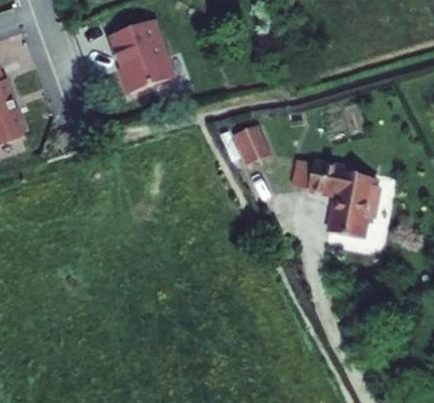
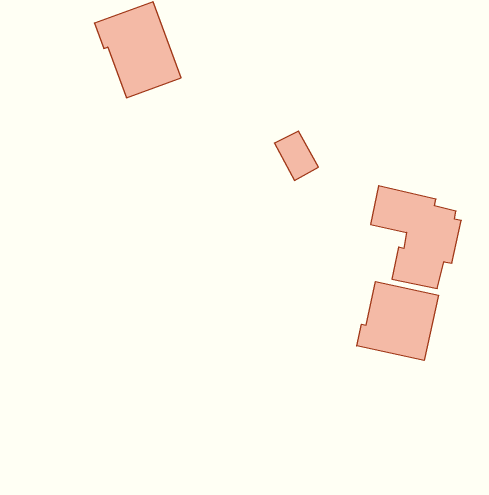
building: none -> [357,282,438,360]

